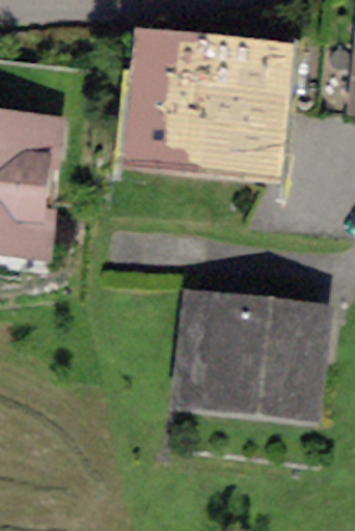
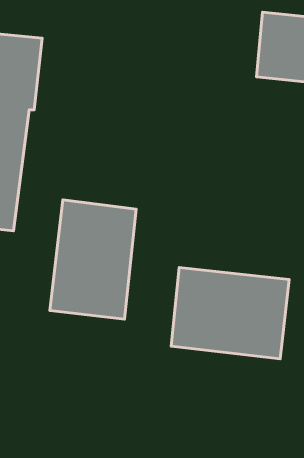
building: [146,49,270,156] -> none
building: none -> [50,200,136,319]

